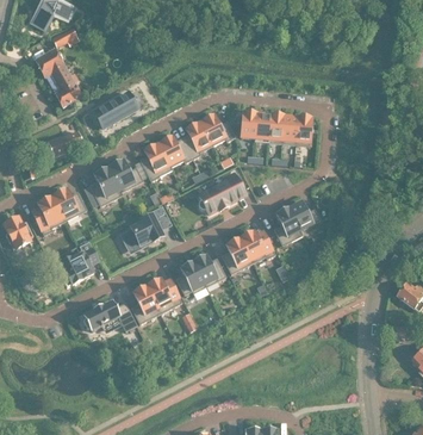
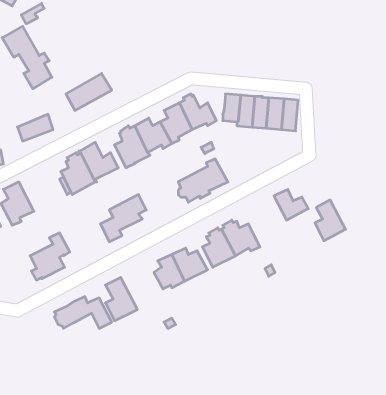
building: [50,187,87,220] -> none
building: [274,206,303,244] -> [315,200,346,241]
building: [145,275,182,312] -> none

